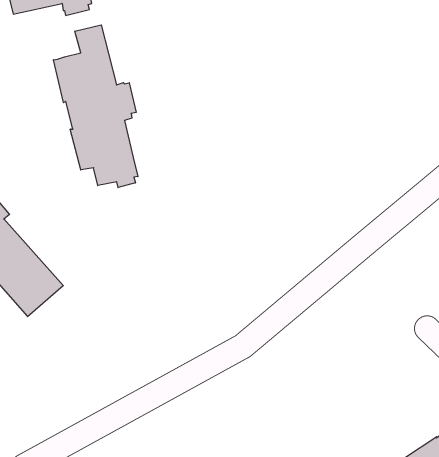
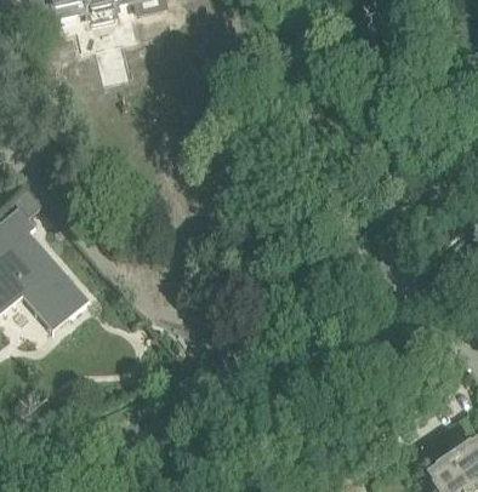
building: [53,25,138,188] -> none

